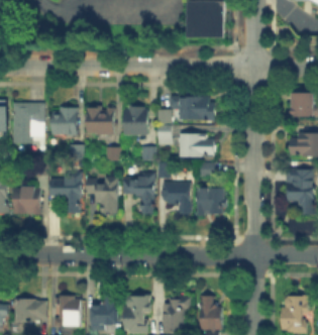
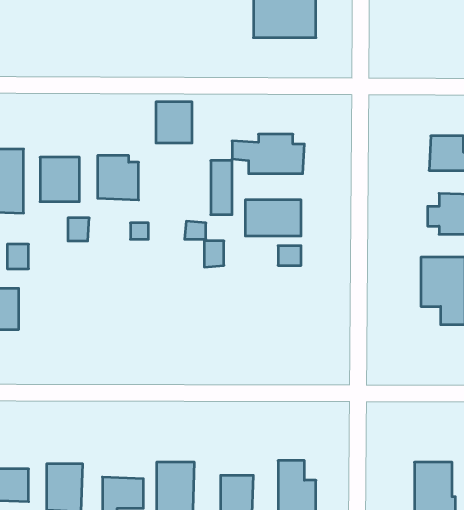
building: [125,109,147,134] -> [156,102,192,143]
building: [51,173,82,211] -> none
building: [123,175,153,214] -> none
building: [87,178,116,215] -> none
building: [164,184,191,213] -> none
building: [198,190,226,213] -> none

